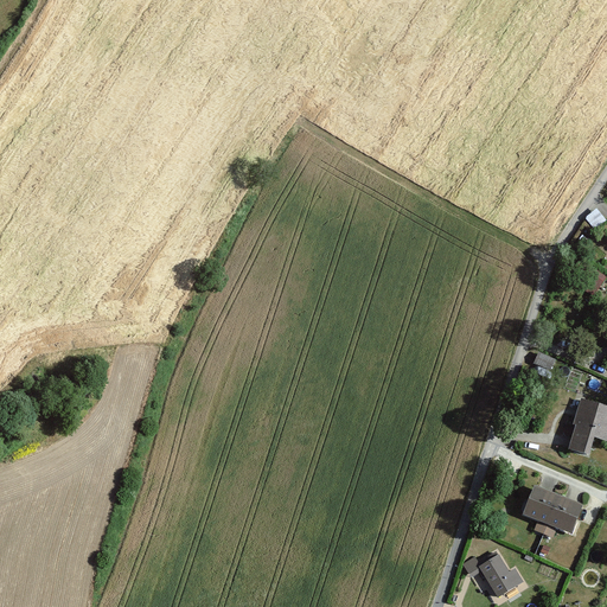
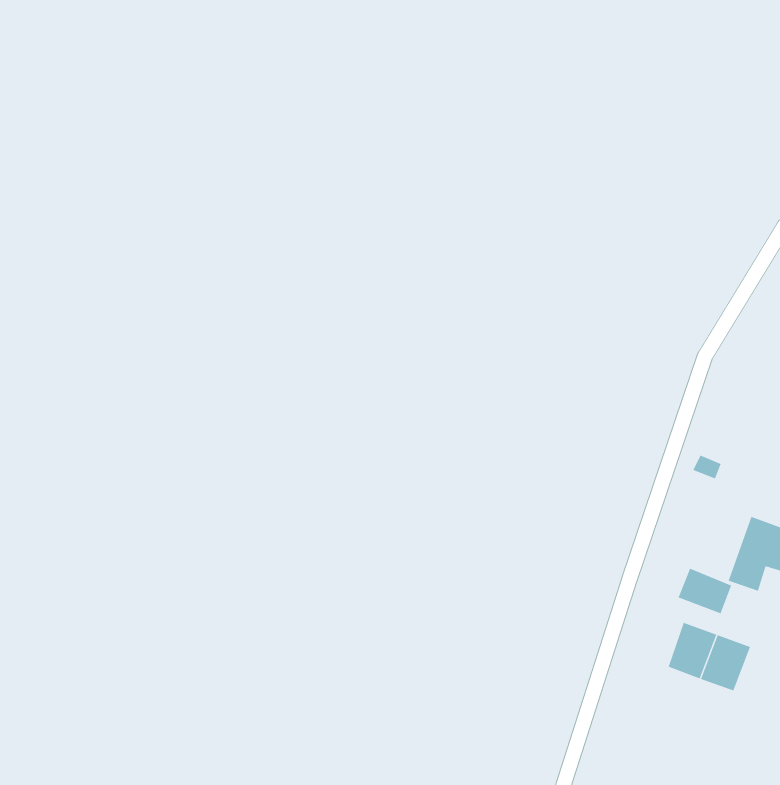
building: none -> [678,568,732,614]
building: [464,556,526,600] -> none

